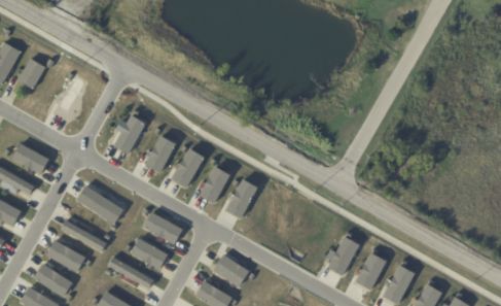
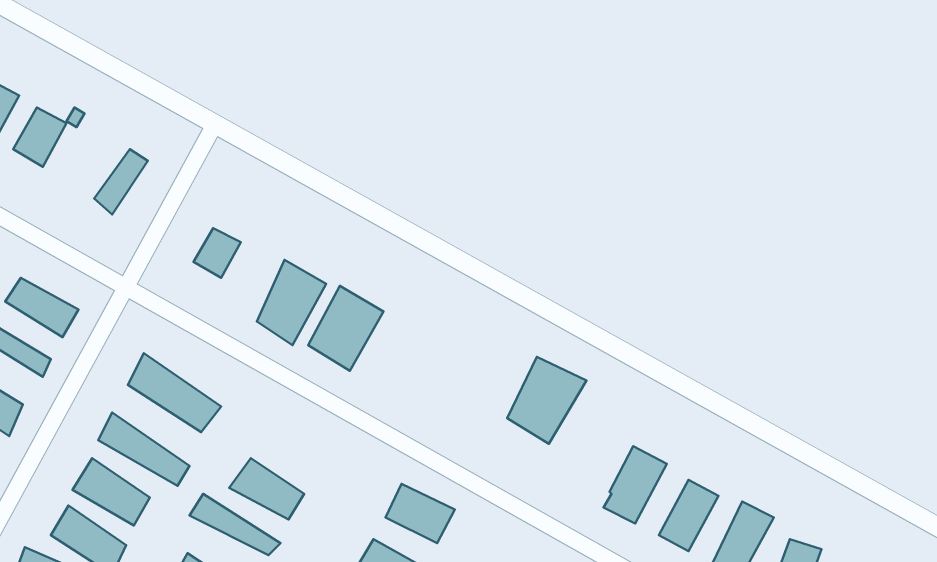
building: [200,168,234,209] -> none
building: [224,178,265,224] -> [507,357,587,444]
building: [141,215,184,245] -> none

